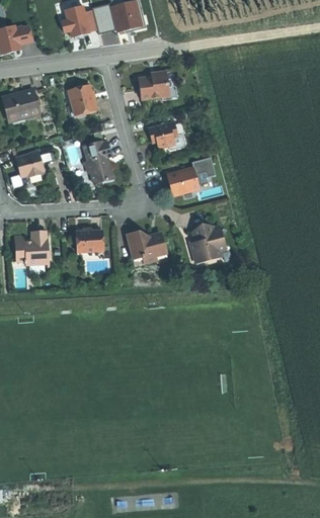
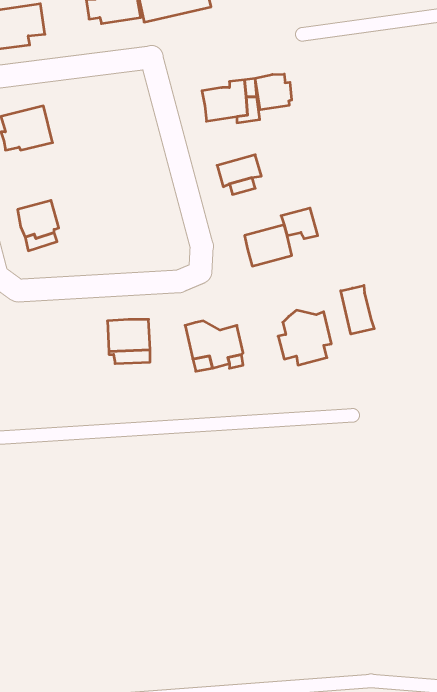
building: none -> [255,74,292,110]
building: [68,85,95,120] -> none
building: [83,140,112,183] -> none
building: none -> [341,285,374,334]
building: [14,231,48,264] -> none

